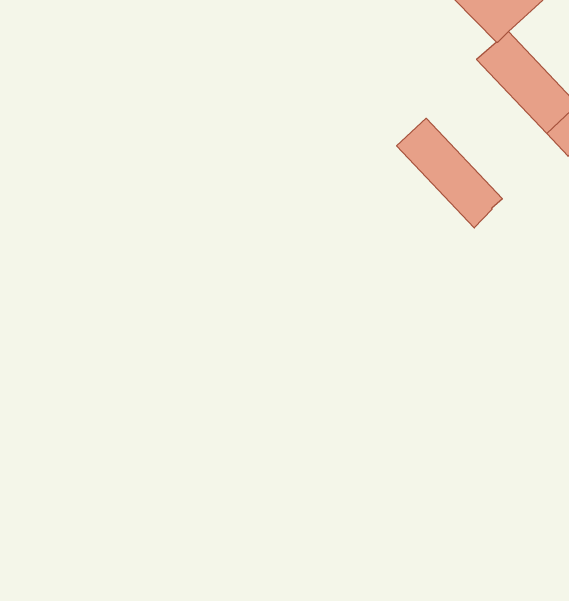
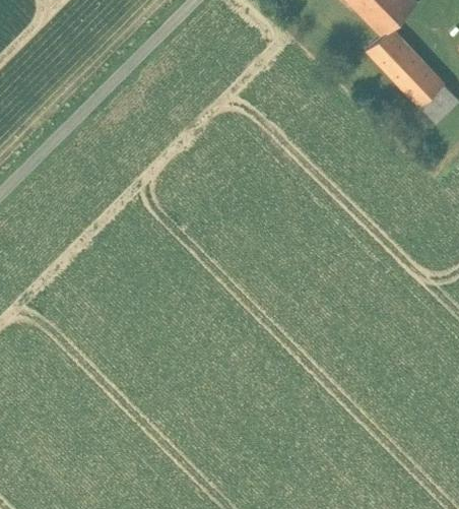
building: [397,118,502,228] -> none

